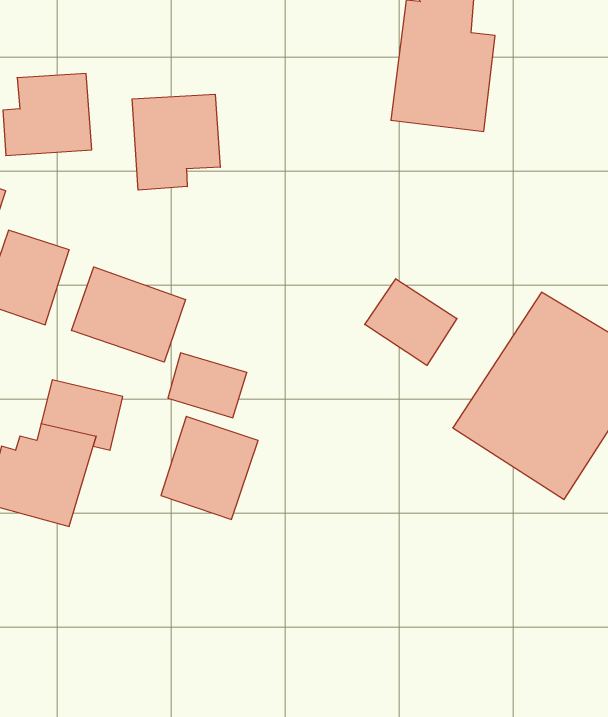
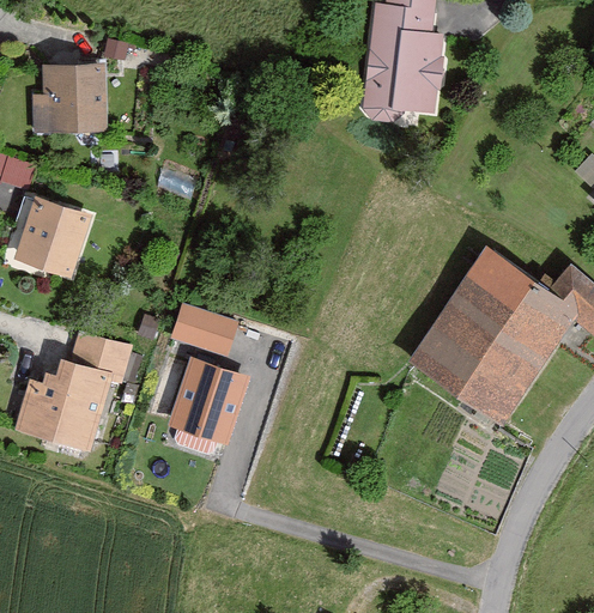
building: [132,94,220,190] -> none
building: [72,267,185,362] -> none
building: [365,279,457,365] -> none

